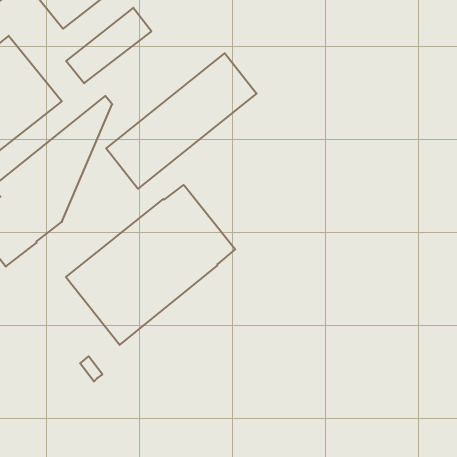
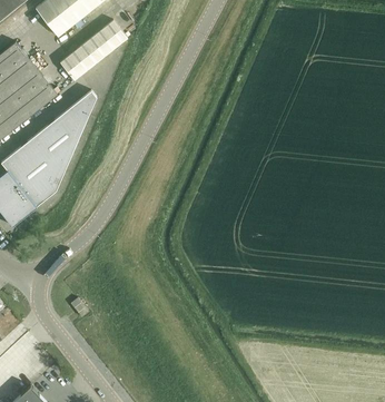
building: [106,53,257,189] -> none
building: [66,185,235,345] -> none

